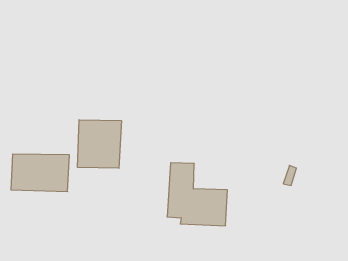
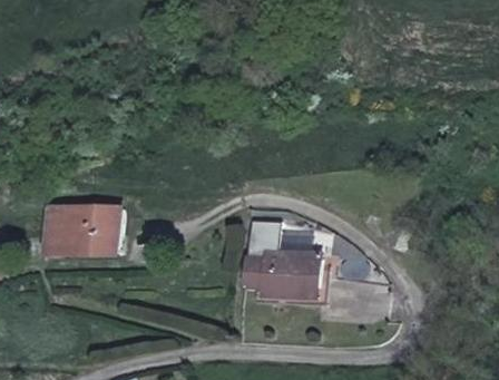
building: [78,120,121,168] -> none

